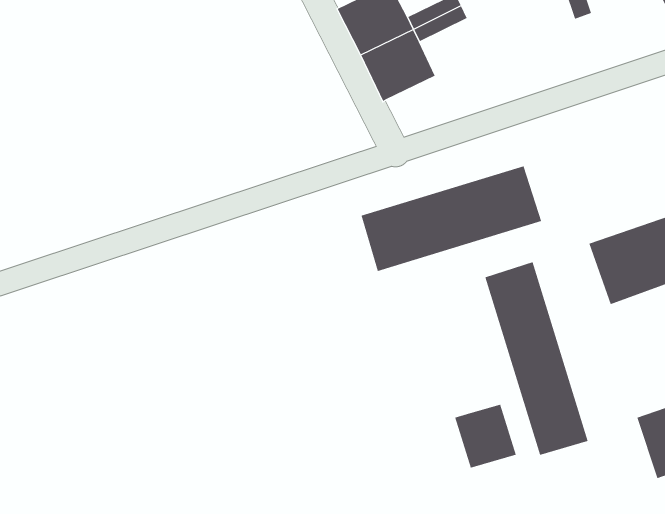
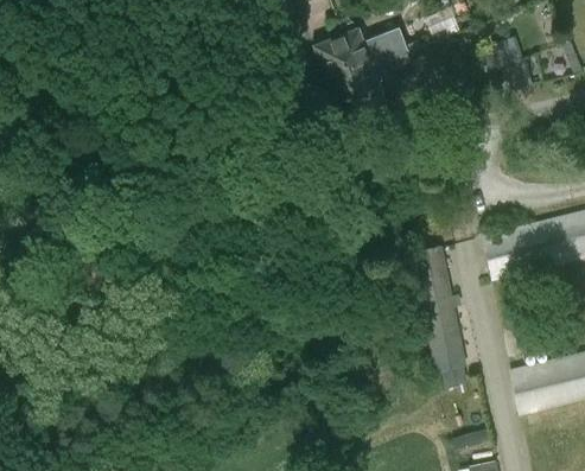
building: [361,166,542,272] -> none
building: [455,404,516,469] -> none

